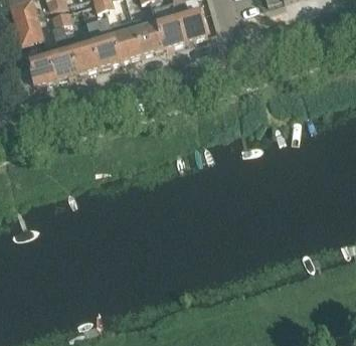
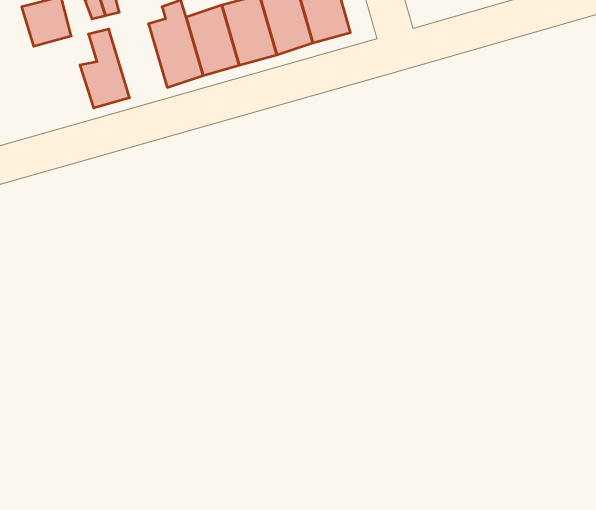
building: [65,30,99,73] -> none
building: [25,54,55,86] -> none

